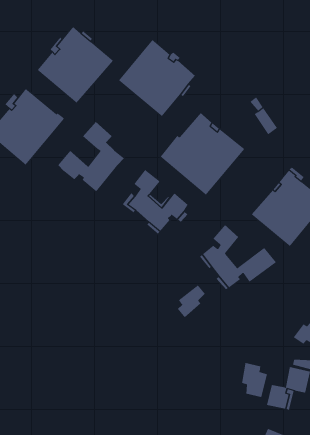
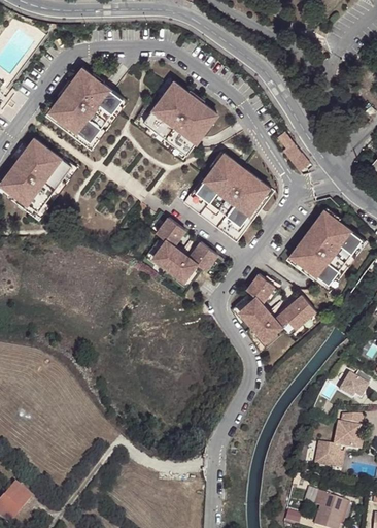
building: [58,121,125,192] -> none
building: [177,284,205,318] -> none
building: [241,362,268,398] -> none

